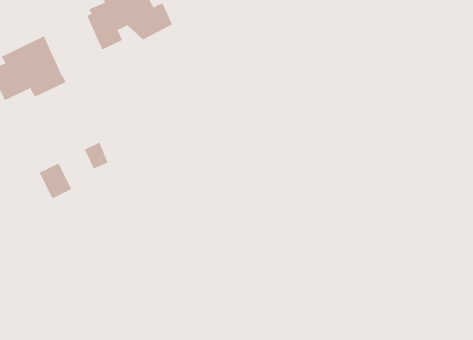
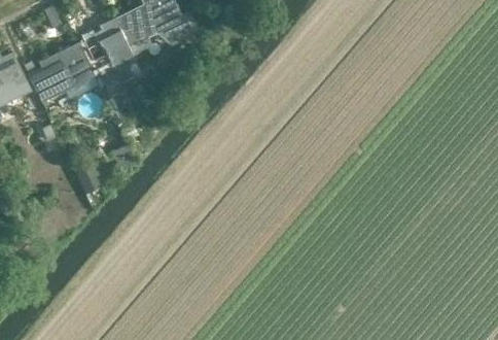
building: none -> [79,18,142,95]

